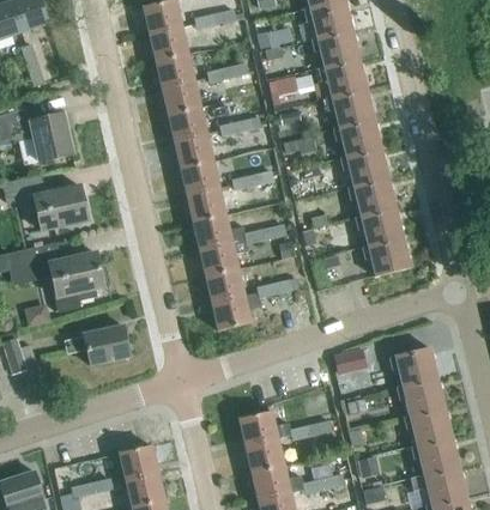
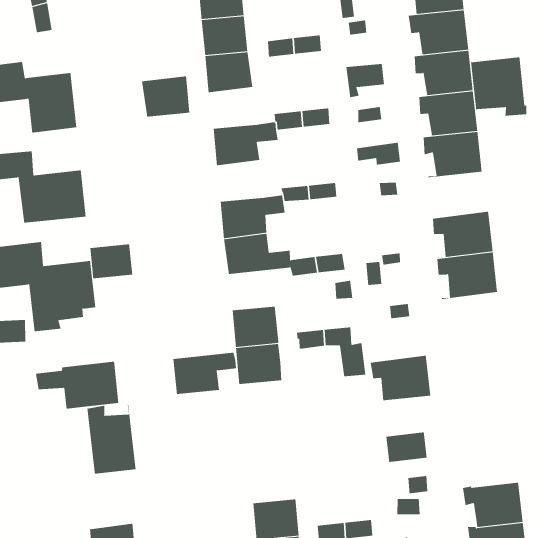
building: none -> [471,56,527,117]
building: [168,107,207,141] -> [141,76,190,117]
building: [340,148,389,188] -> none
building: [181,160,219,195] -> none
building: none -> [90,243,133,279]
building: [362,237,411,275] -> [370,355,431,401]
building: [200,238,249,275] -> [172,352,237,394]
building: [388,346,437,385] -> none
building: none -> [87,404,136,474]

